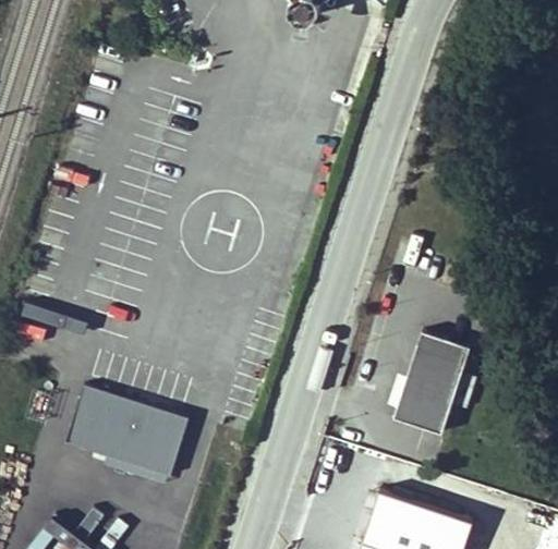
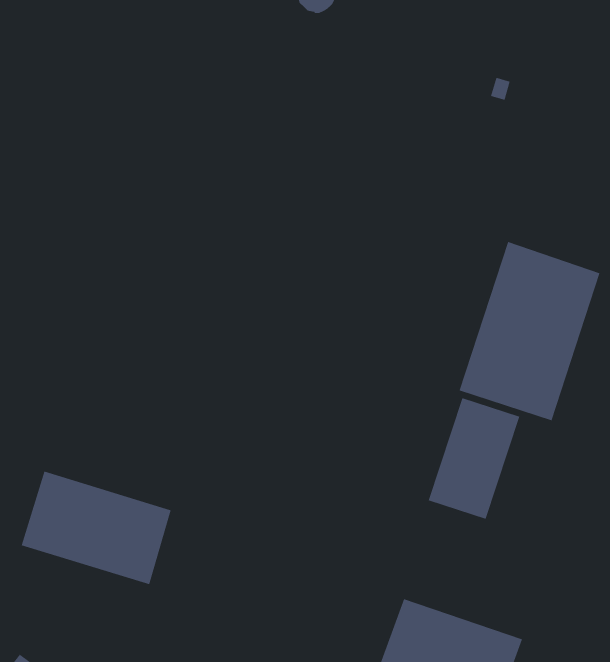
building: none -> [459,241,600,421]

